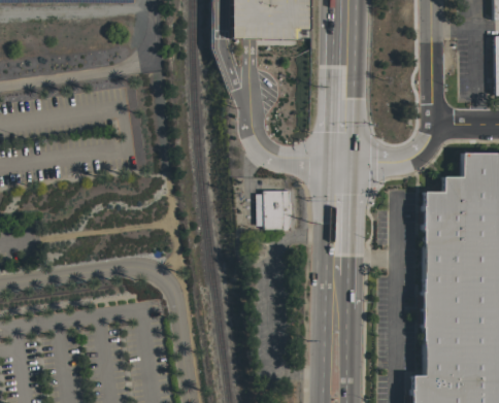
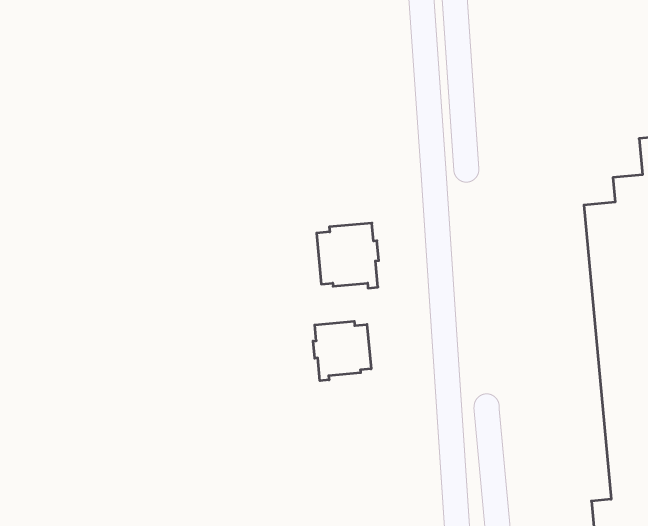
building: none -> [313,321,371,381]

